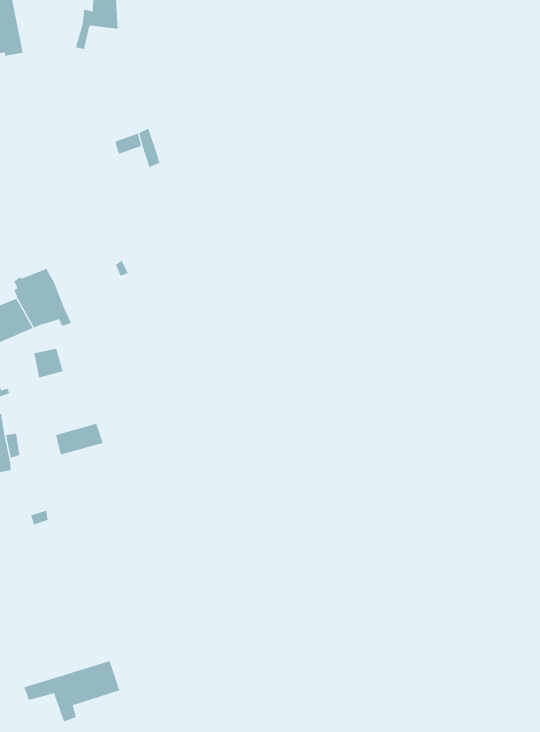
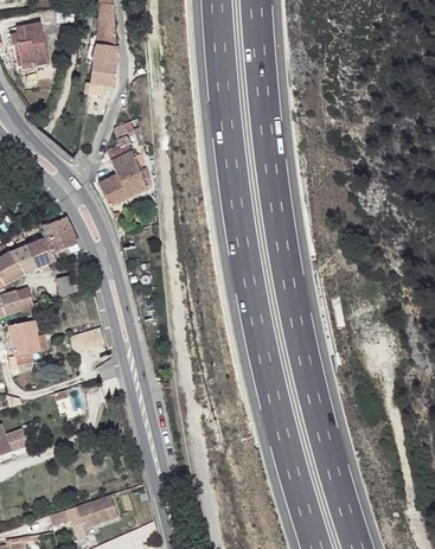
building: none -> [84,60,116,95]
building: none -> [98,135,152,206]

